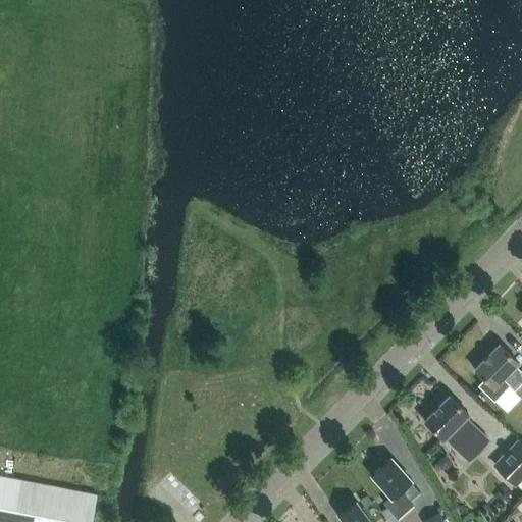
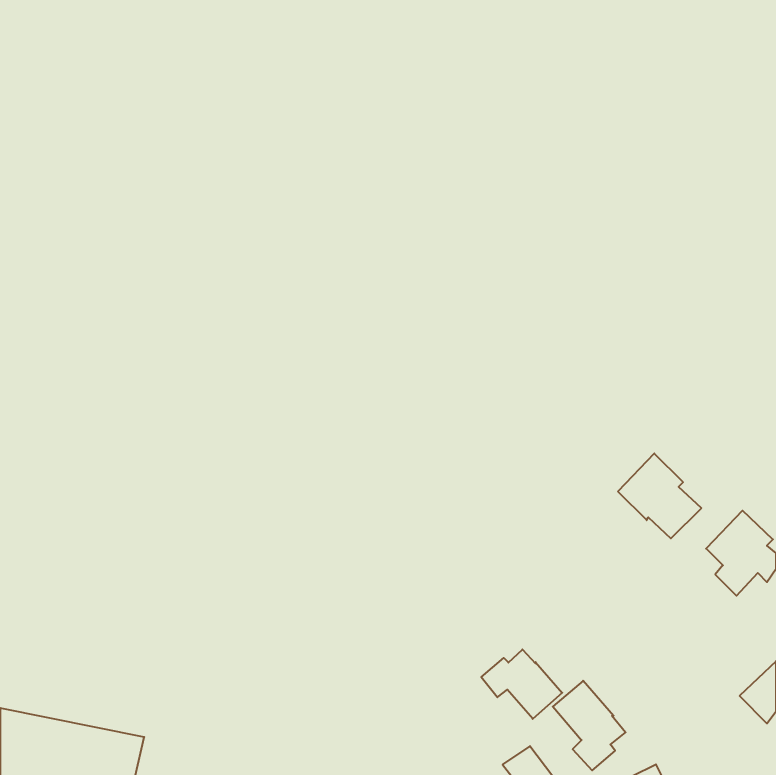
building: [424,396,480,453] -> [618,453,701,538]
building: none -> [481,649,562,719]

